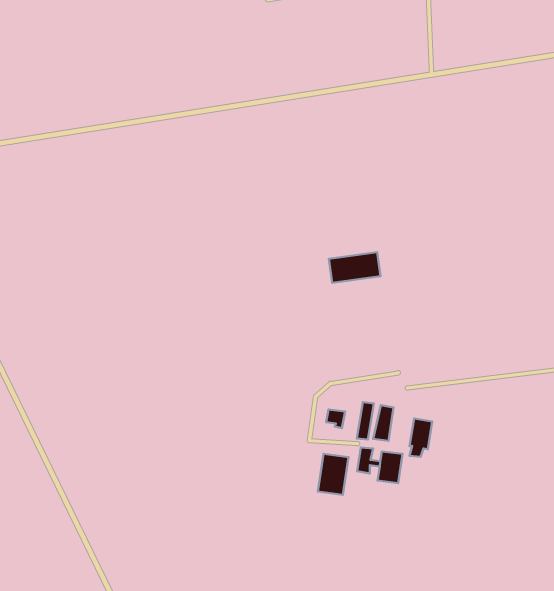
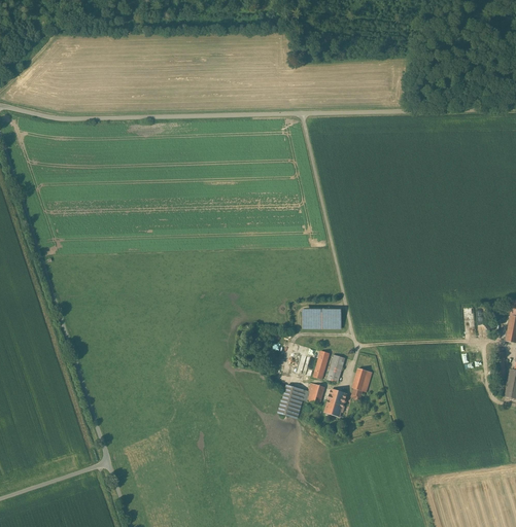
building: [329,252,380,283] -> [303,310,340,328]

